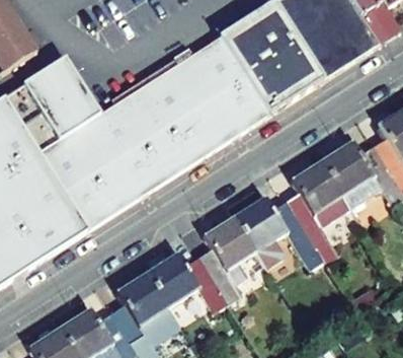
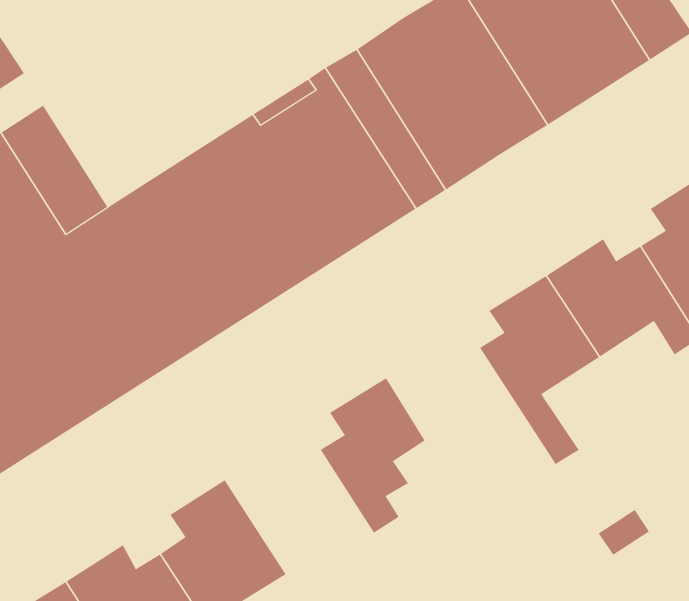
building: [47,57,99,124] -> none
building: [234,197,322,268] -> none
building: [146,253,227,311] -> none

